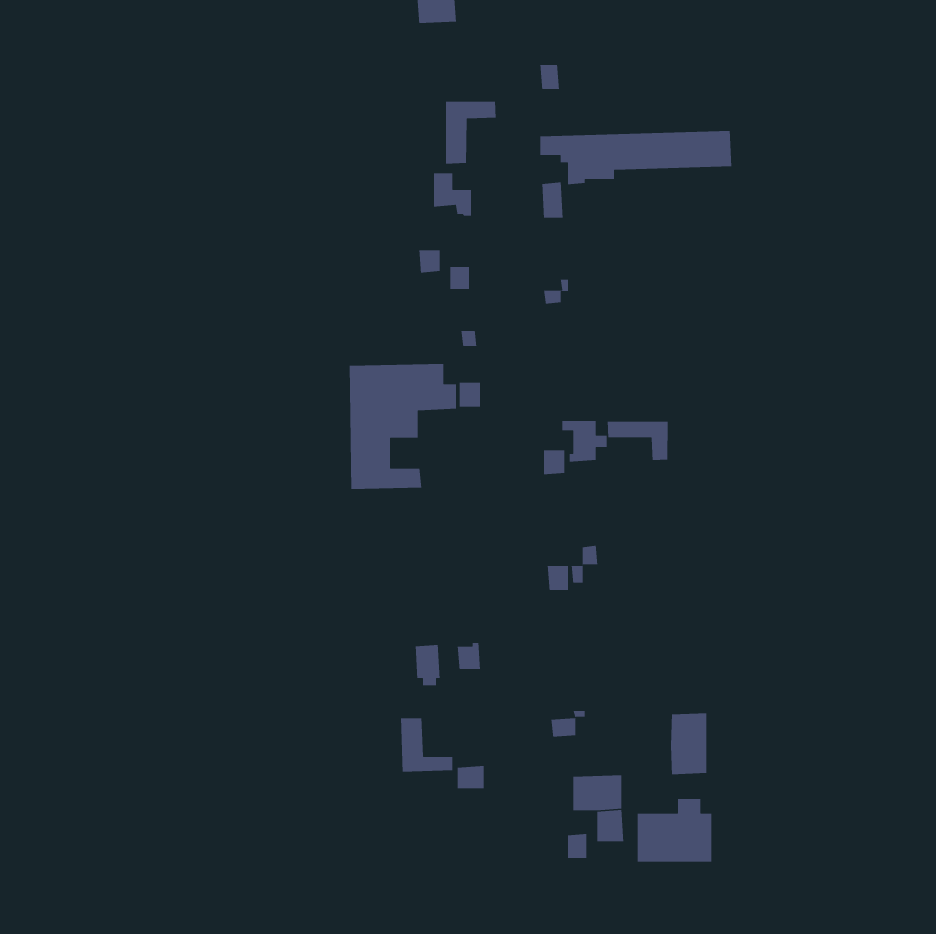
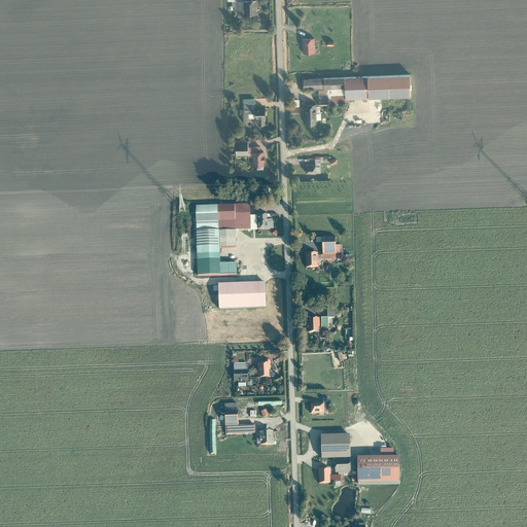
building: [445,101,496,164] -> none
building: [607,421,668,461] -> none
building: none -> [218,280,266,308]
building: [670,712,707,775] -> none

